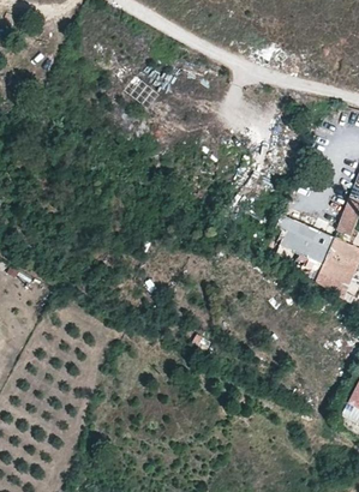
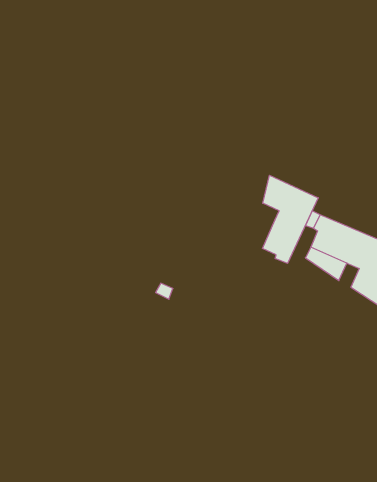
building: none -> [262,175,318,263]

